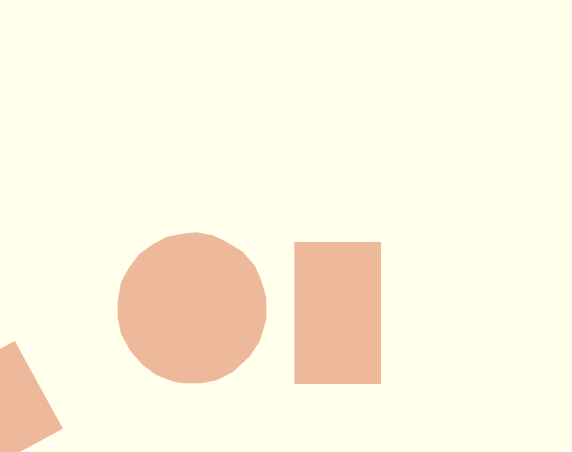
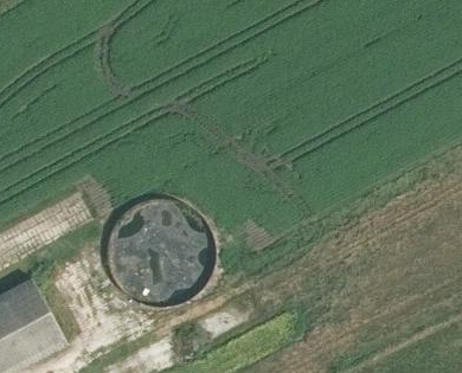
building: [294,241,382,385] -> none

